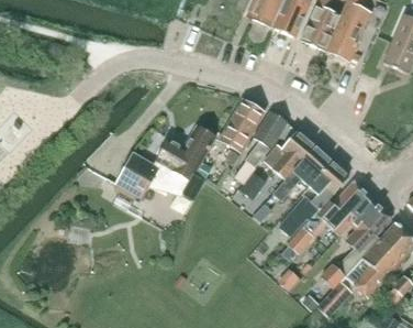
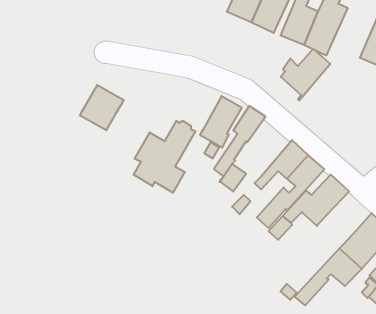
building: [264,131,314,184] -> [281,49,330,100]
building: [114,153,159,199] -> [80,85,124,130]
building: [321,199,391,288] -> none

